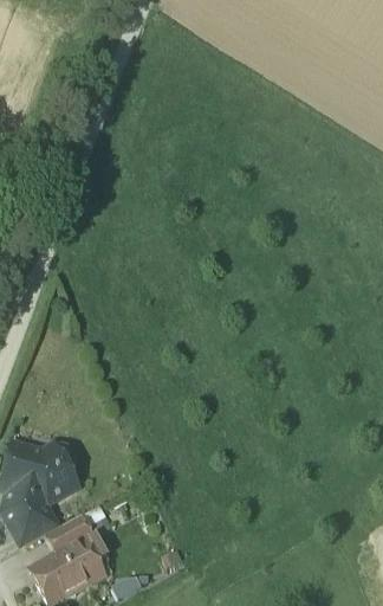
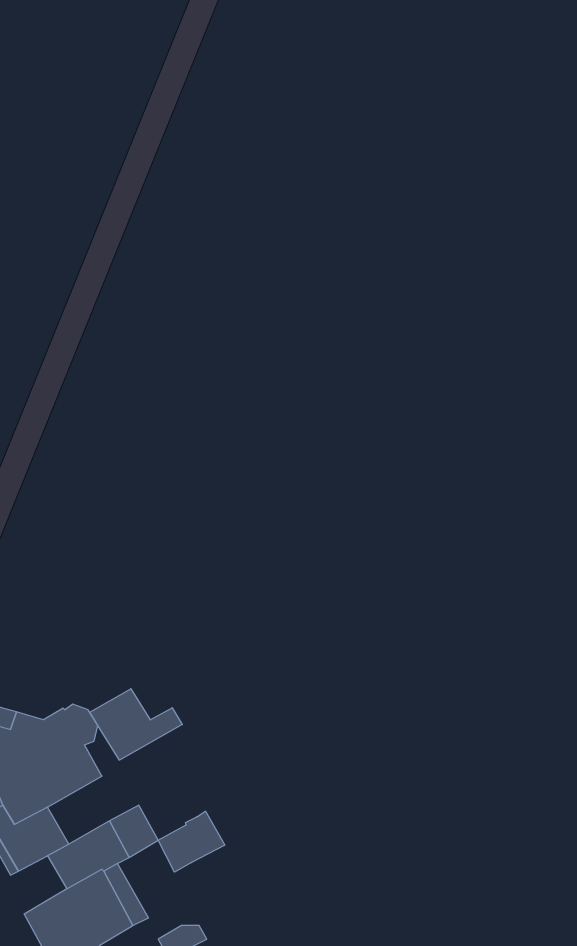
building: none -> [90,689,182,760]
building: none -> [158,811,225,872]

